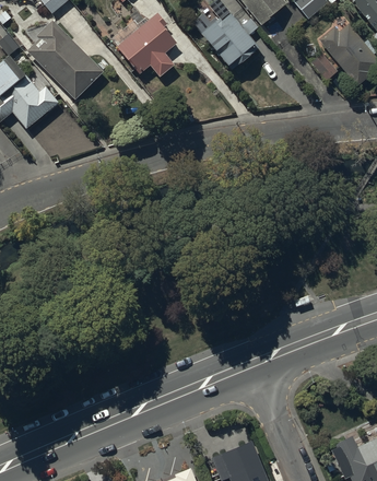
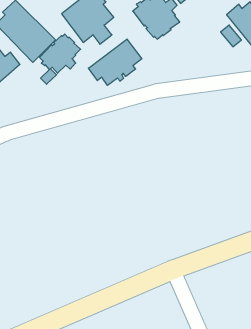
building: none -> [40,34,81,84]
building: none -> [88,39,142,85]

